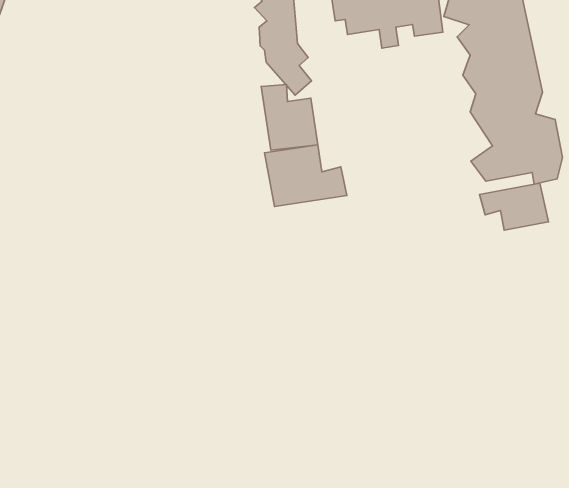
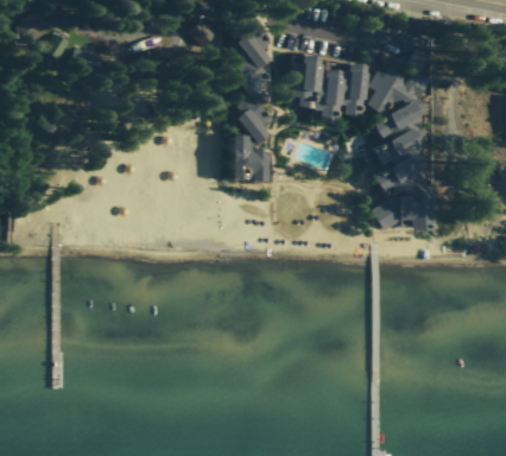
building: [265,145,347,206] -> none
building: [480,183,549,230] -> none

